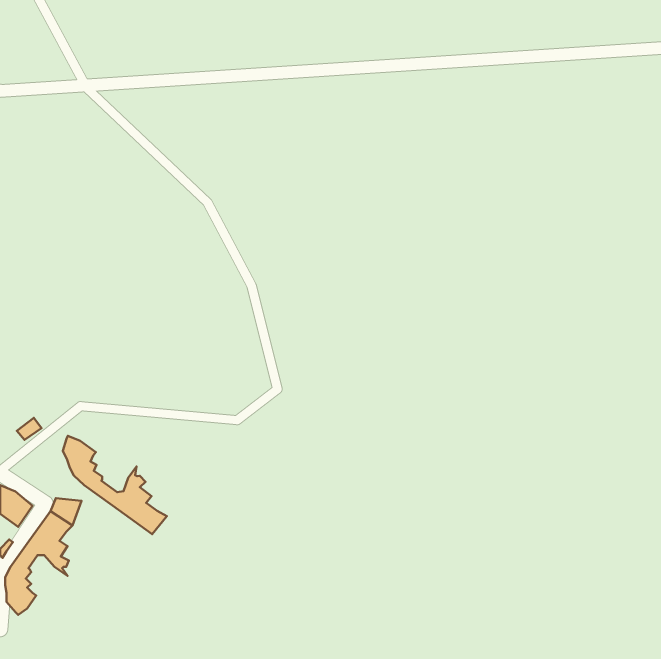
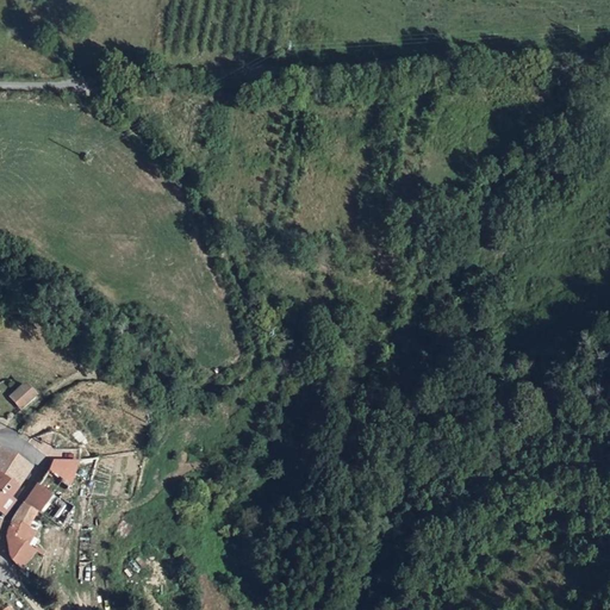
building: [63,436,167,534] -> none

